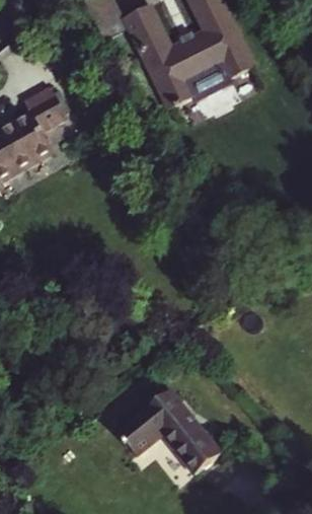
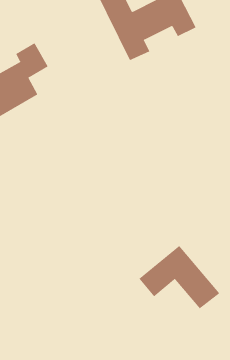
building: [118,391,221,472] -> [139,245,220,309]

